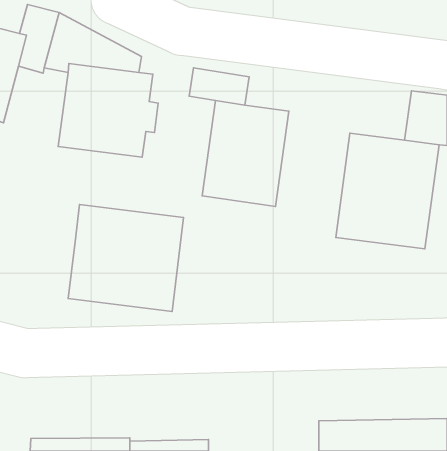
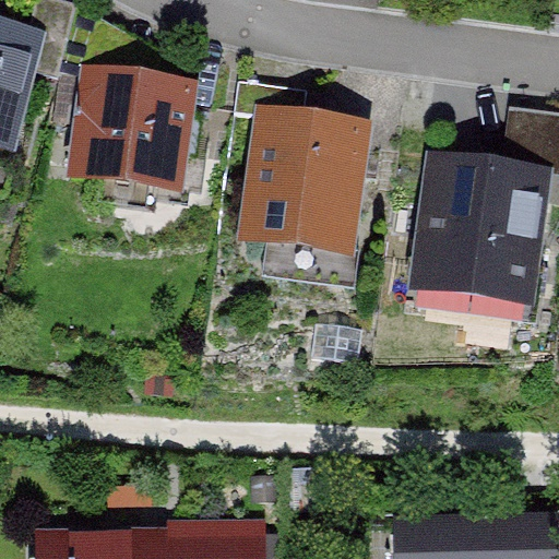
building: [68,204,184,312] -> none

